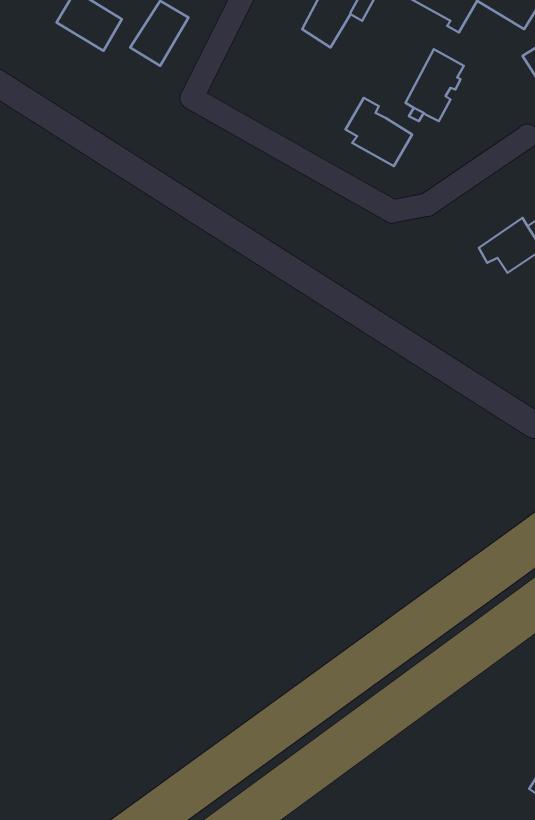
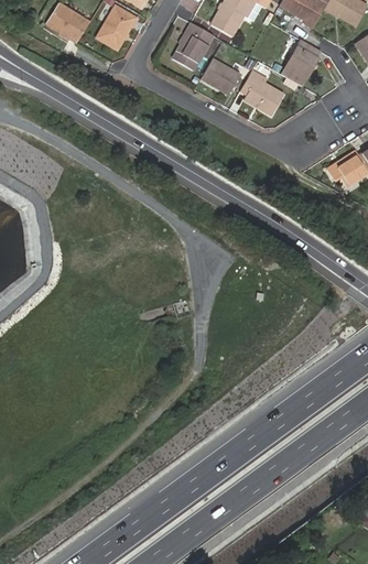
building: none -> [173,23,214,70]
building: none -> [201,58,239,94]

